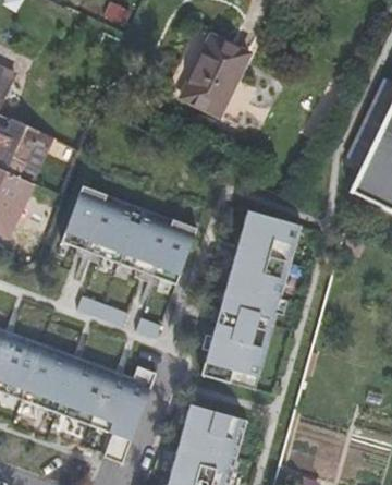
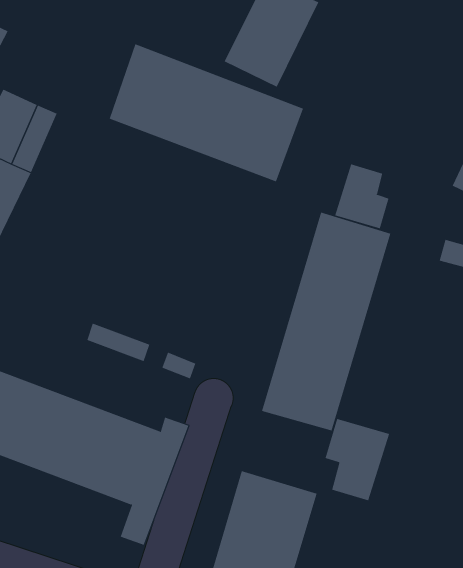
building: none -> [334,164,389,229]
building: [46,180,193,284] -> [109,44,304,182]
building: none -> [325,418,390,501]

